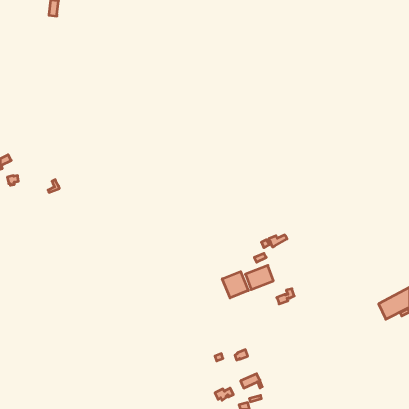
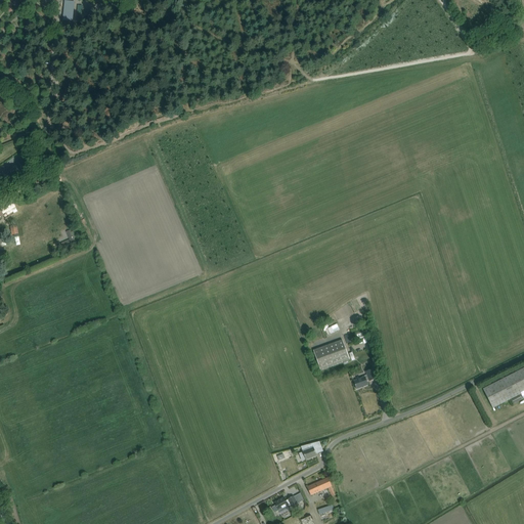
building: [222,272,248,298] -> none

